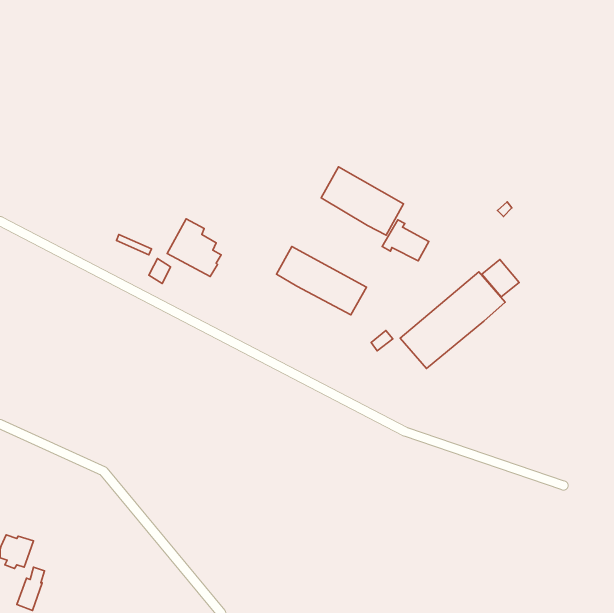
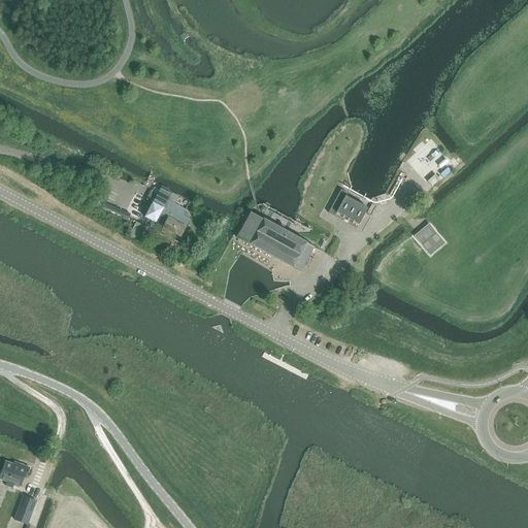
building: [321,167,404,235] -> none
building: [400,272,505,368] -> none

